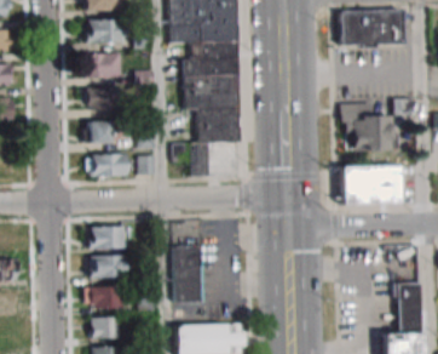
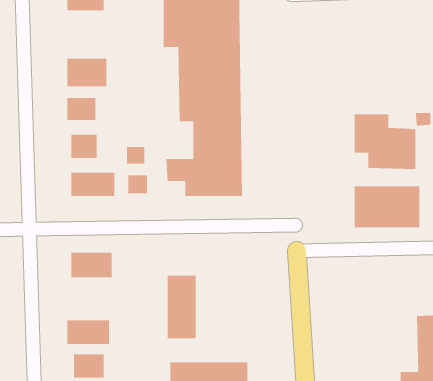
building: [339,10,407,46] -> none
building: [85,21,123,44] -> none
building: [88,256,125,278] -> none

